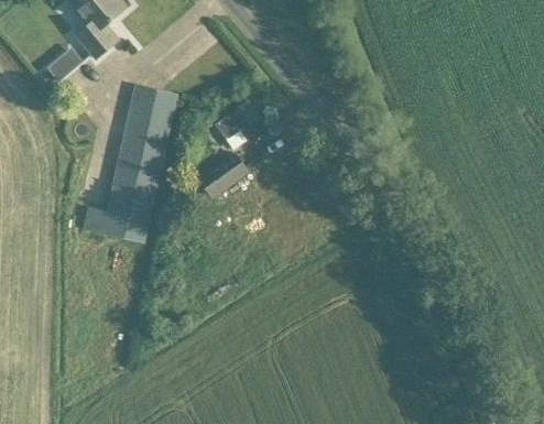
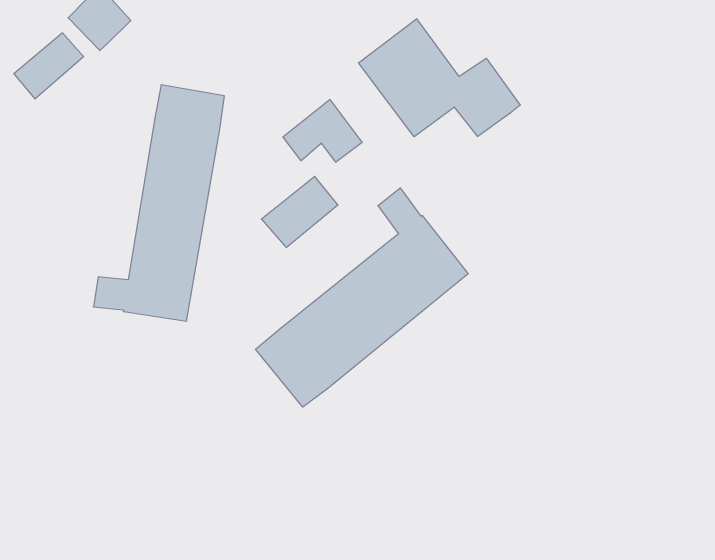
building: none -> [359,19,520,137]
building: none -> [256,188,468,407]

